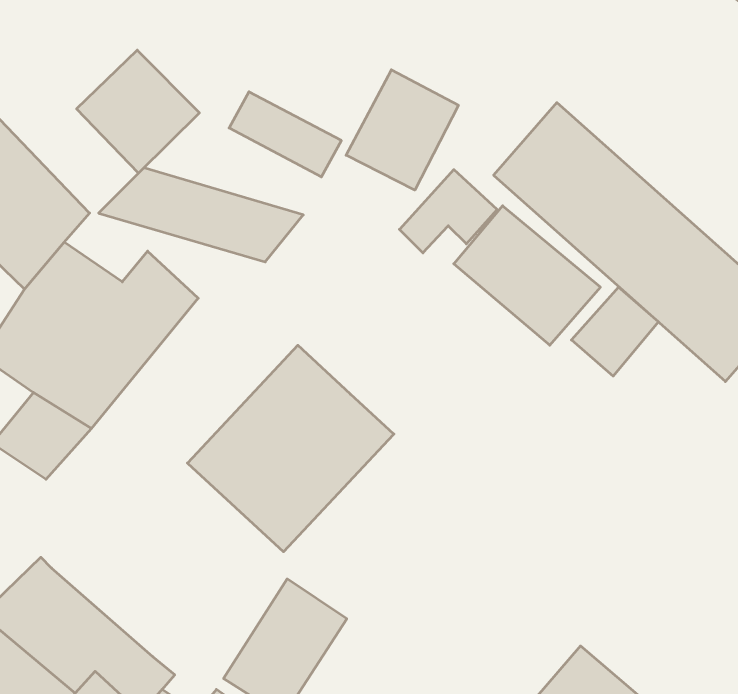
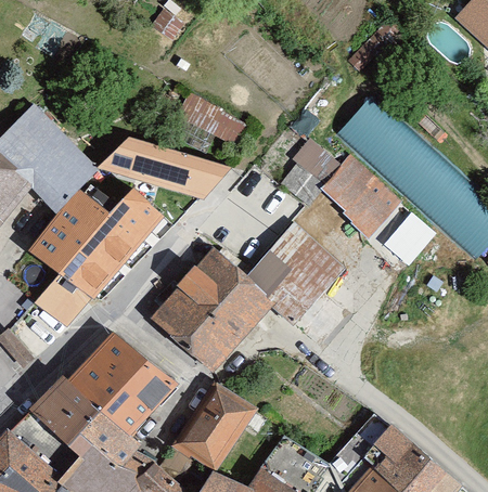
building: [77,50,199,173] -> none
building: [346,70,458,190] -> none
building: none -> [251,221,358,321]
building: none -> [72,329,176,431]

